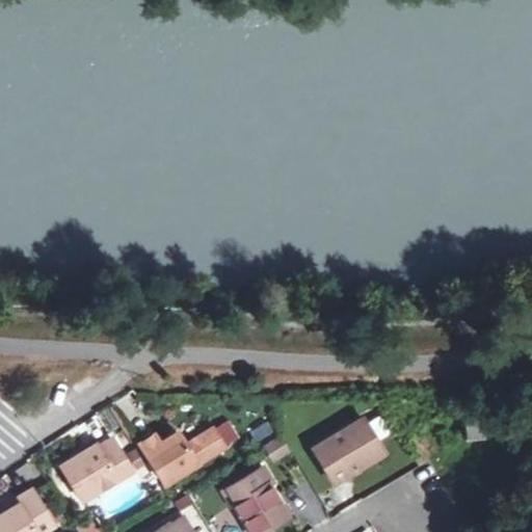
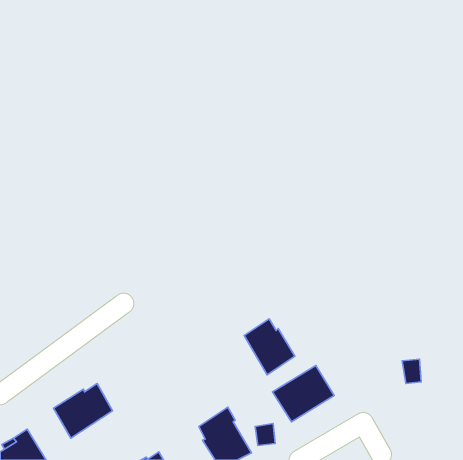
building: none -> [244,319,295,375]
building: [139,429,222,483] -> none

